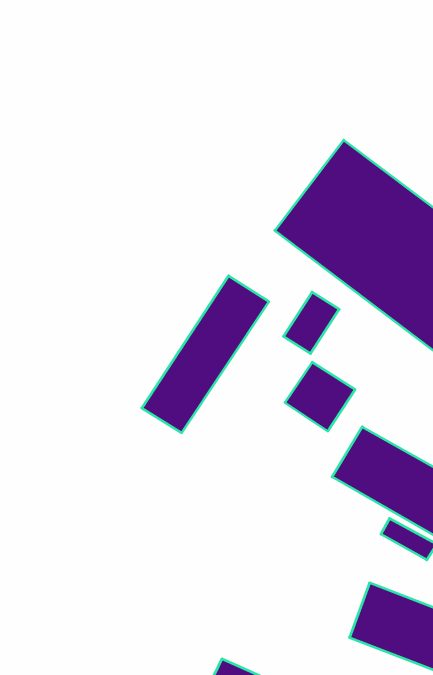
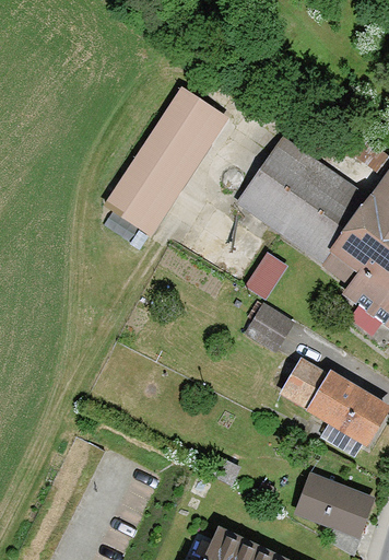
building: none -> [103,84,231,235]
building: [142,276,269,433] -> none

